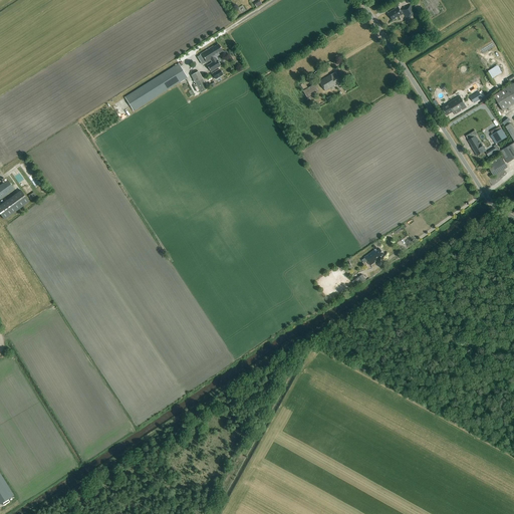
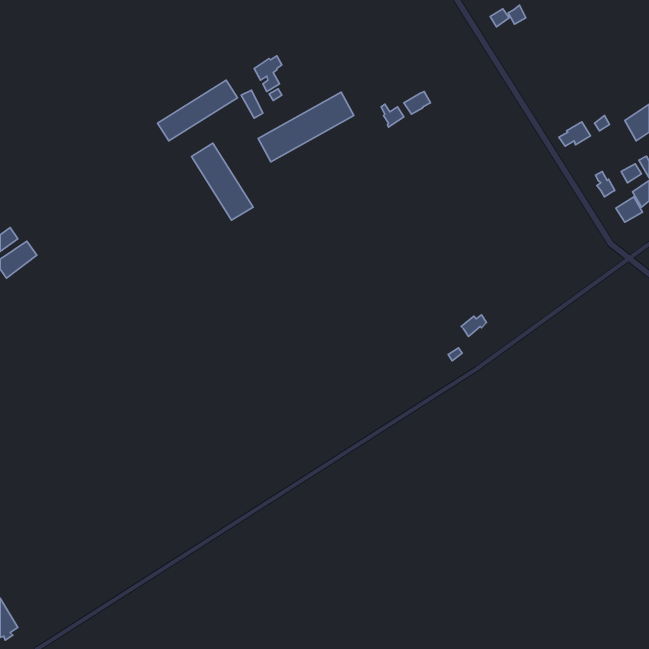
building: none -> [258,92,354,162]
building: none -> [191,143,253,220]

